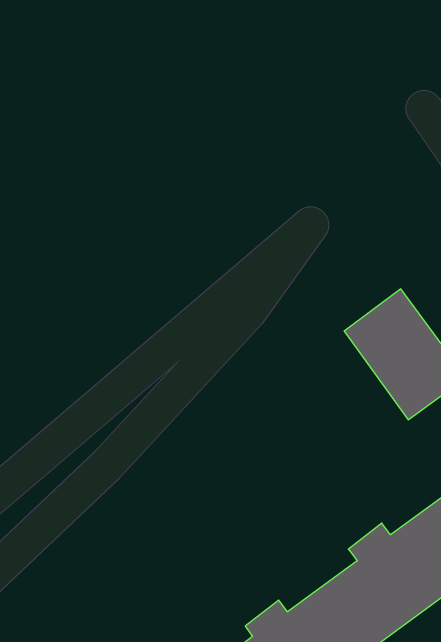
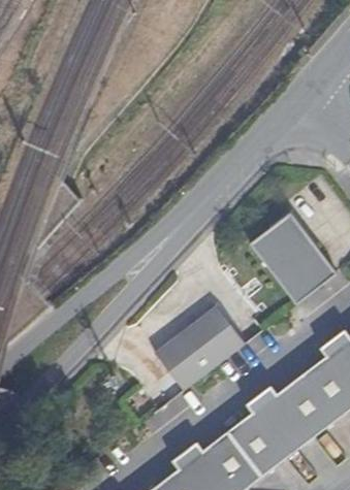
building: none -> [154,306,244,391]

